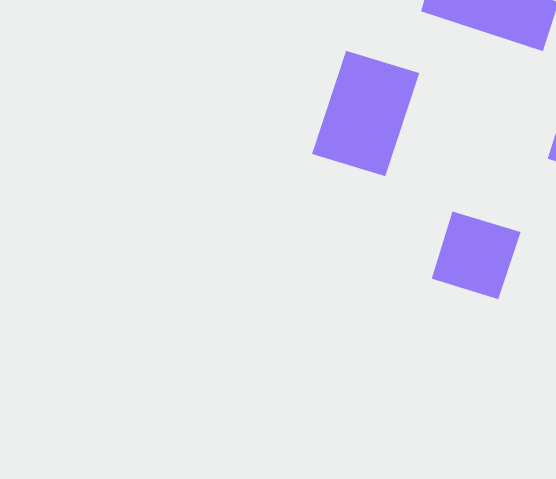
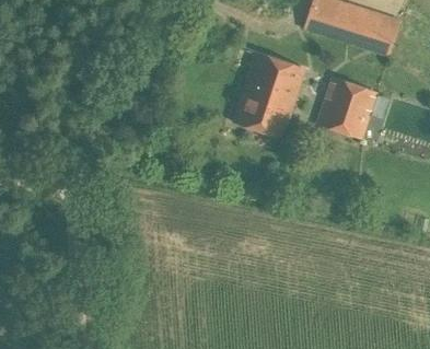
building: [431,211,522,300] -> [316,75,377,136]

